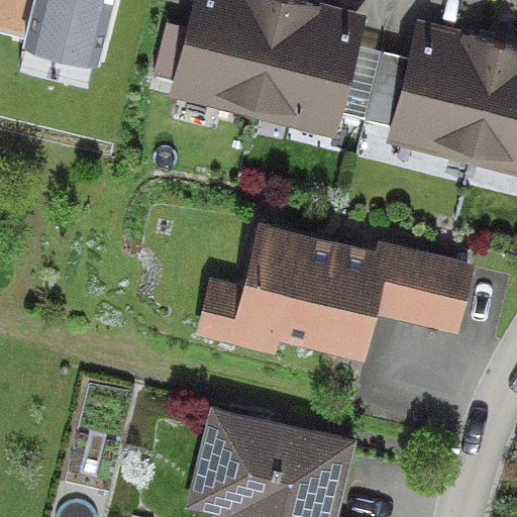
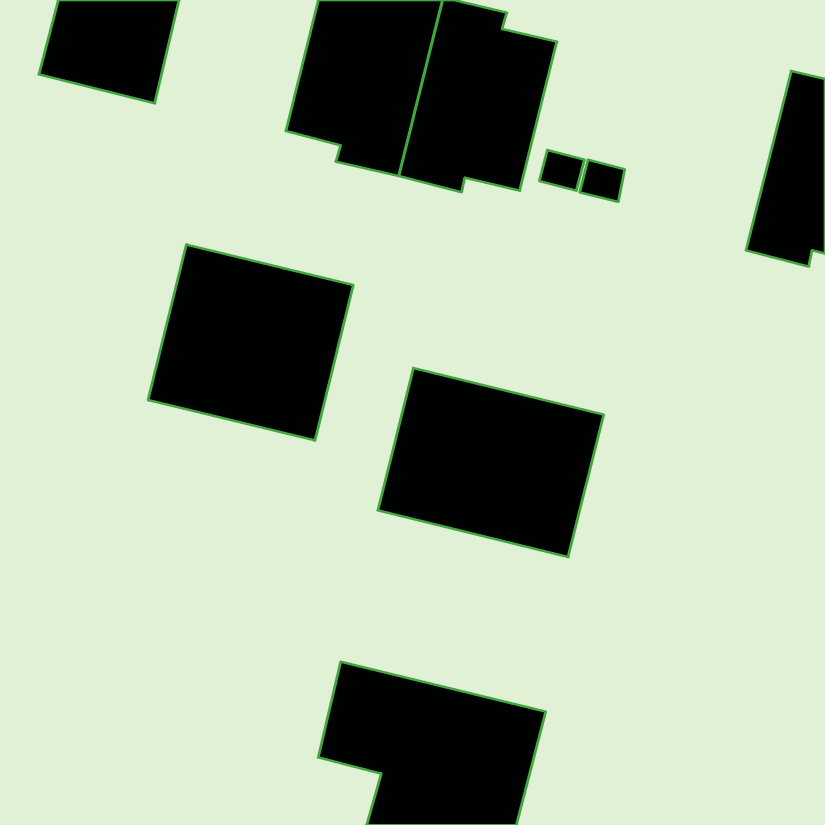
building: [396,34,495,157] -> none
building: none -> [148,244,353,441]
building: [385,251,463,326] -> none

